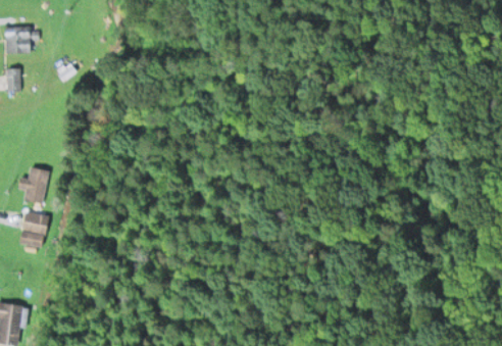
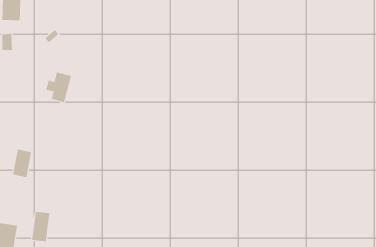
building: [17,166,50,205] -> [46,72,72,103]
building: none -> [32,211,50,242]

